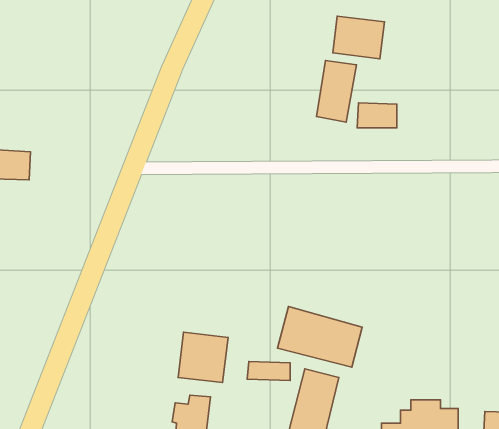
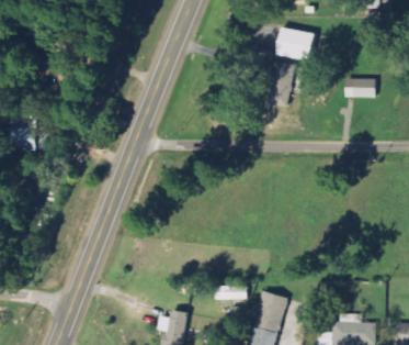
building: [357,103,397,128] -> [348,78,377,97]
building: [278,307,362,367] -> none
building: [178,332,228,383] -> none

